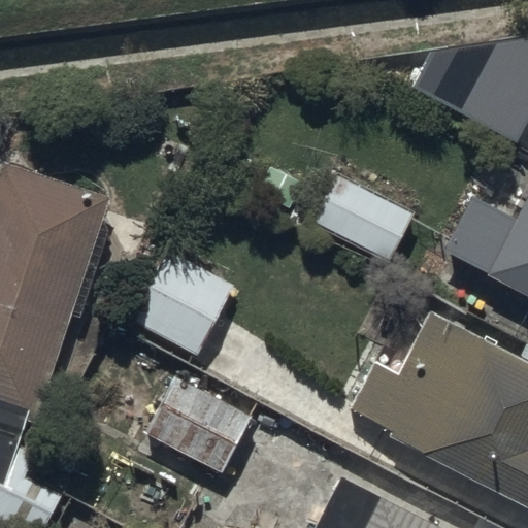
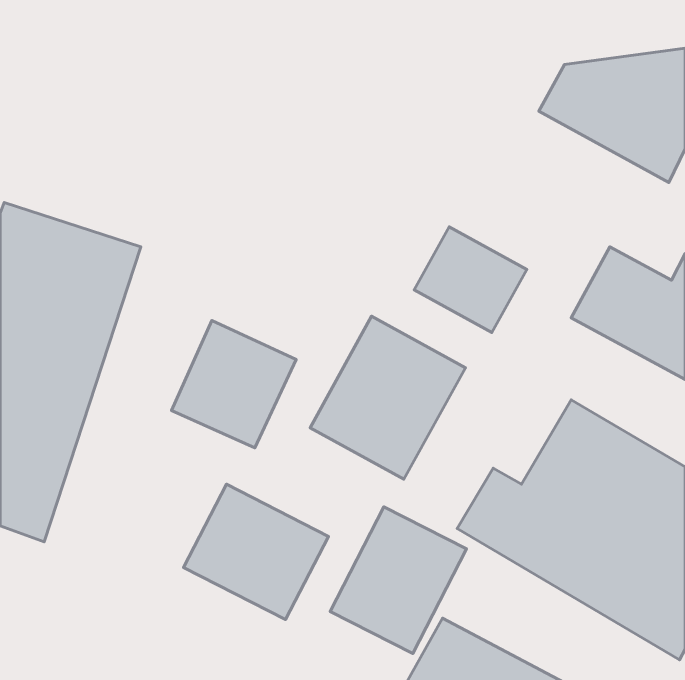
building: none -> [310,316,465,479]
building: none -> [330,507,467,654]

